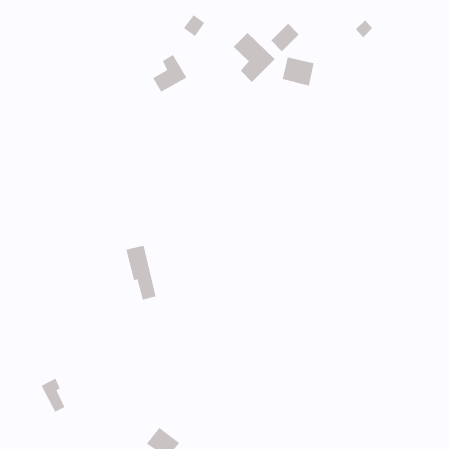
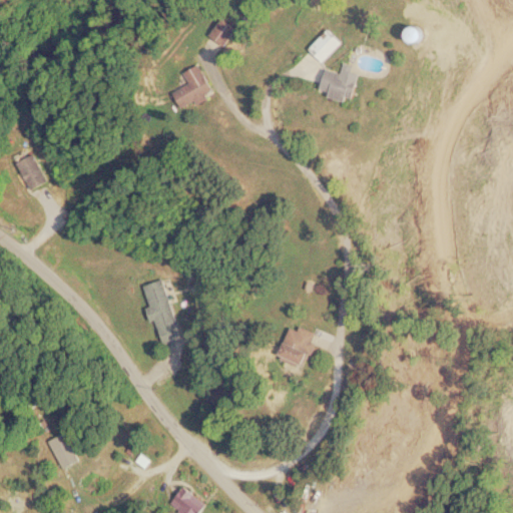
building: [233,32,276,83] -> none
building: none -> [16,154,46,190]
building: none -> [281,327,313,365]

